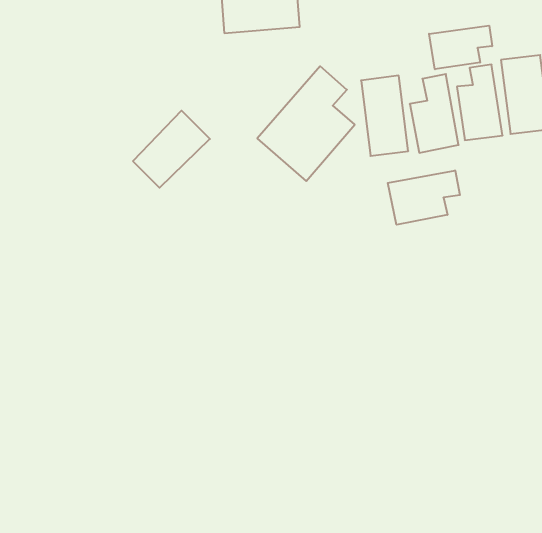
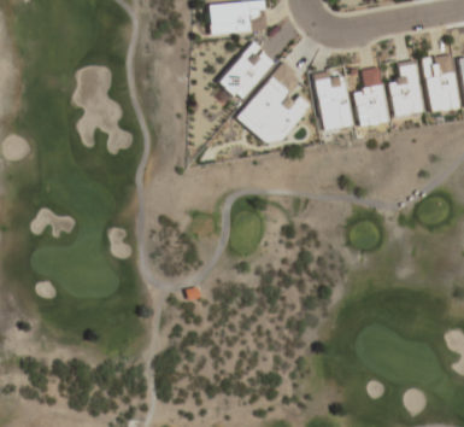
building: [429,26,492,69] -> none
building: [133,111,210,188] -> [217,41,276,100]
building: [388,170,460,225] -> none

